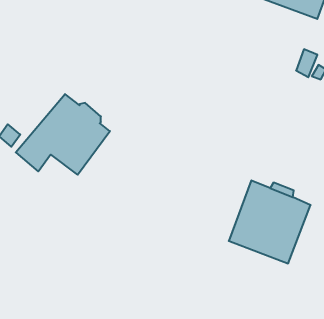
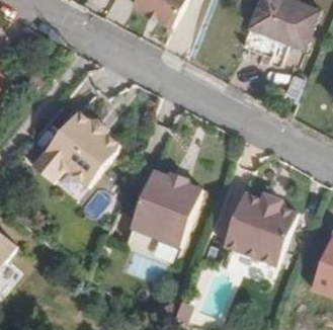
building: none -> [130,172,202,249]

